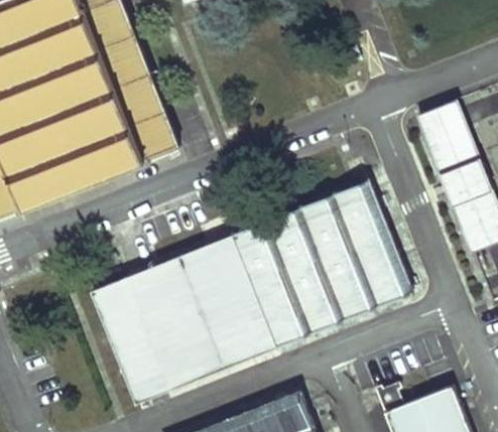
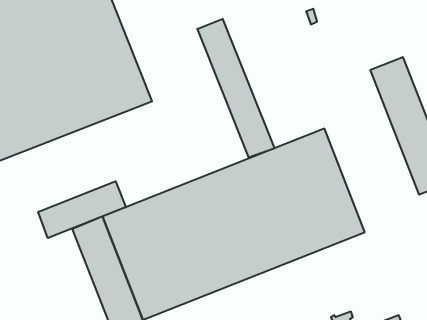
building: none -> [197,19,274,157]
building: none -> [38,181,126,238]

